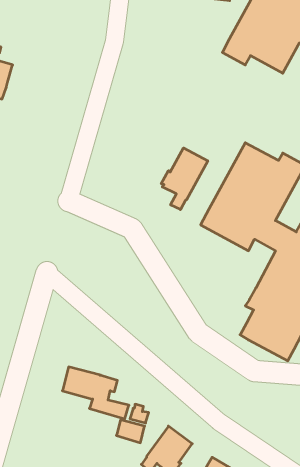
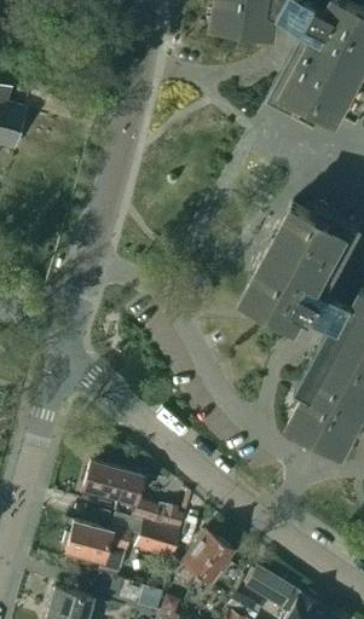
building: [161,148,208,210] -> none
building: none -> [65,523,129,574]

